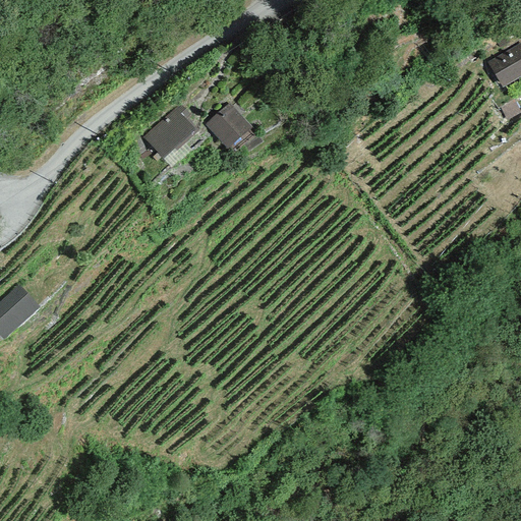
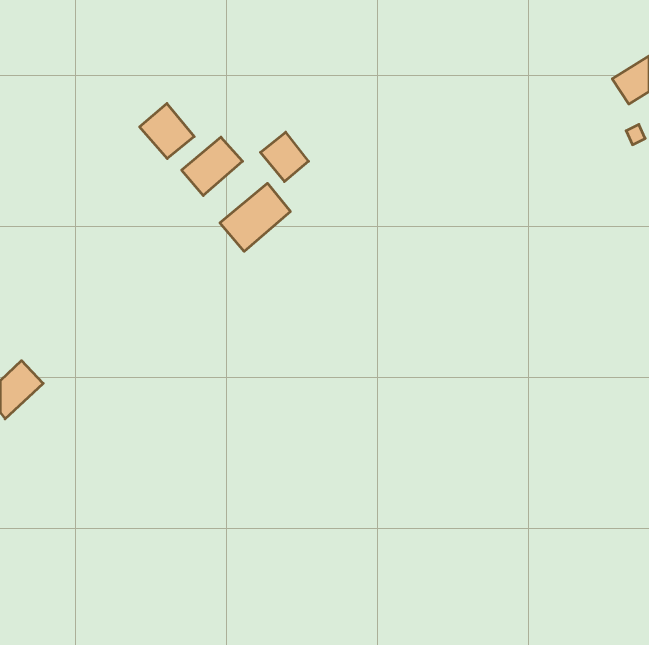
building: none -> [140,103,194,159]
building: none -> [220,183,290,251]

